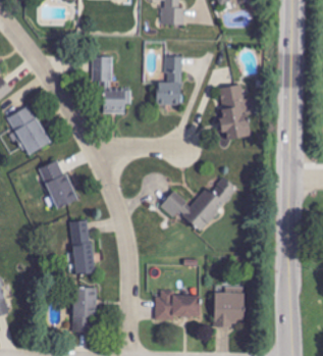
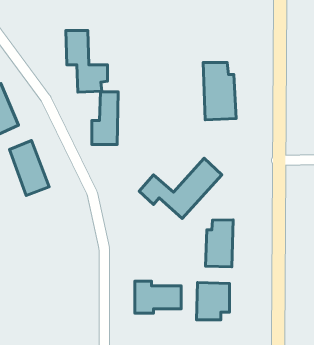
building: [157,56,181,105] -> [92,92,118,145]
building: [71,220,92,275] -> none
building: none -> [205,220,233,267]
building: [71,286,96,330] -> none

